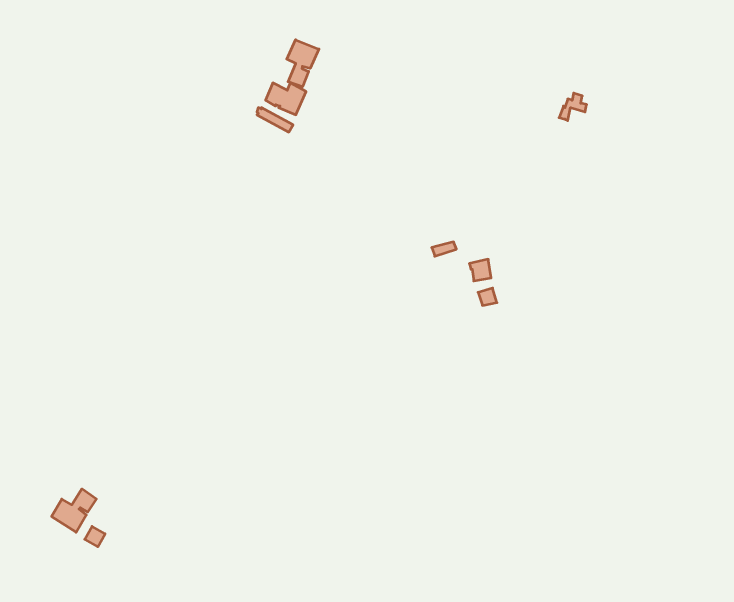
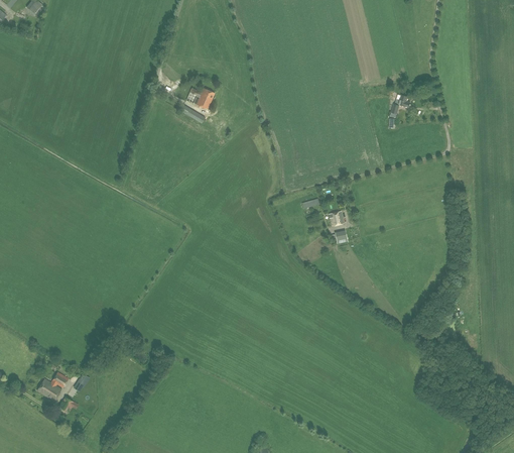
building: [287,40,319,87] -> none

